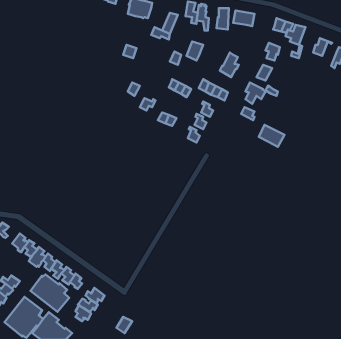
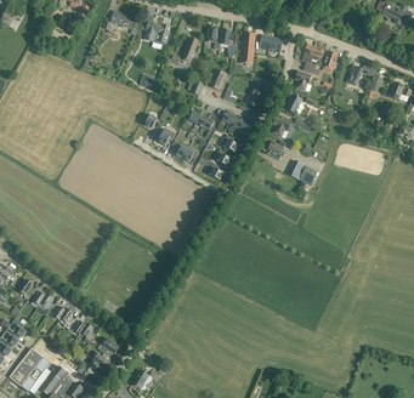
building: [31,274,69,312] -> none

